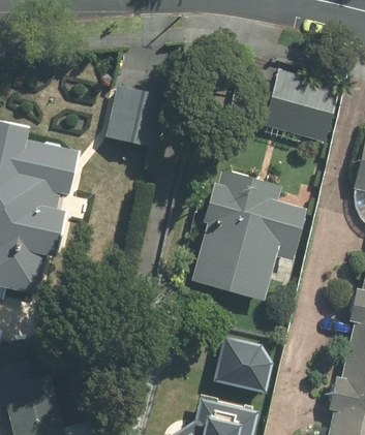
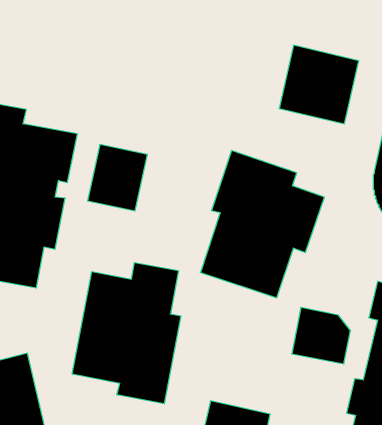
building: [105,85,161,147] -> [88,144,147,211]
building: none -> [72,263,181,404]
building: [214,338,269,391] -> [292,307,351,364]

